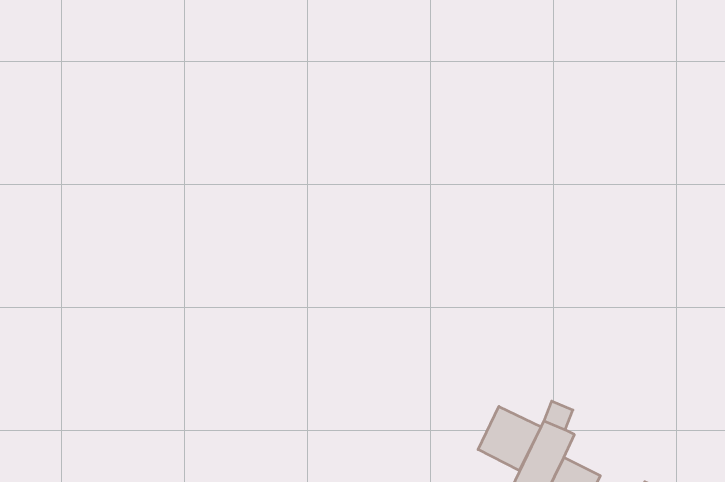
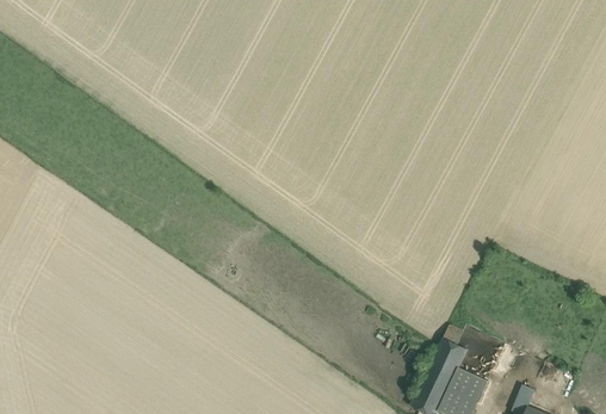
building: [478,406,541,471] -> none

